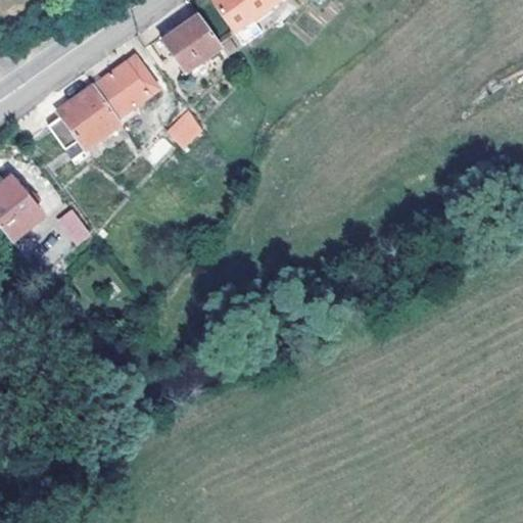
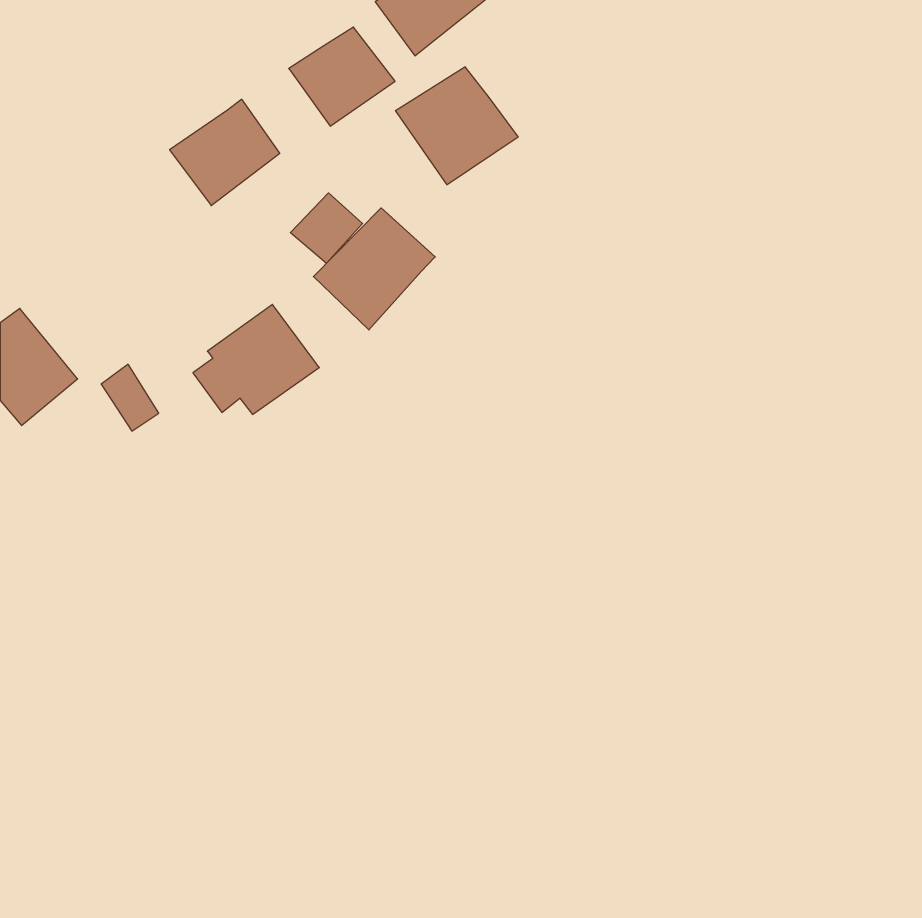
building: none -> [396,67,518,185]
building: [51,85,123,147] -> [193,304,319,414]
building: none -> [313,208,435,330]

